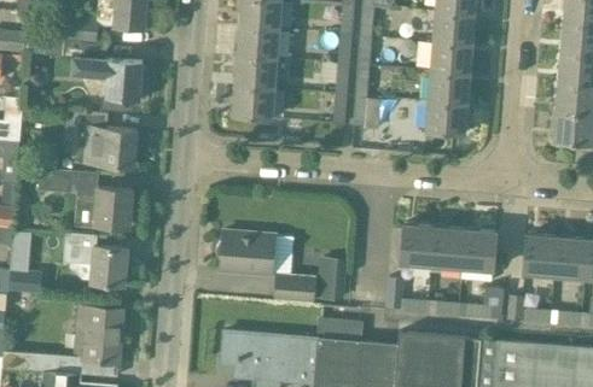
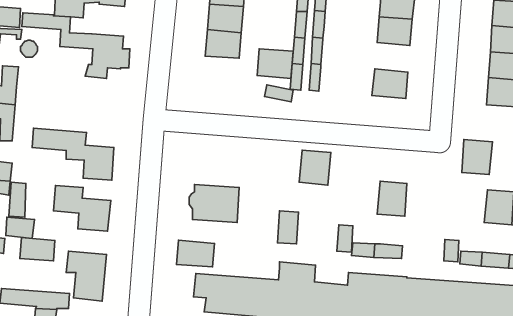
building: [429,70,469,104] -> none
building: [233,86,274,119] -> [257,49,293,79]
building: [71,110,138,168] -> none
building: [399,225,435,265] -> [299,150,331,185]
building: [463,230,498,270] -> none
building: [522,235,557,275] -> [462,140,492,175]
building: [273,271,316,301] -> [176,240,215,267]
building: [459,286,504,319] -> none
building: none -> [20,238,55,261]

